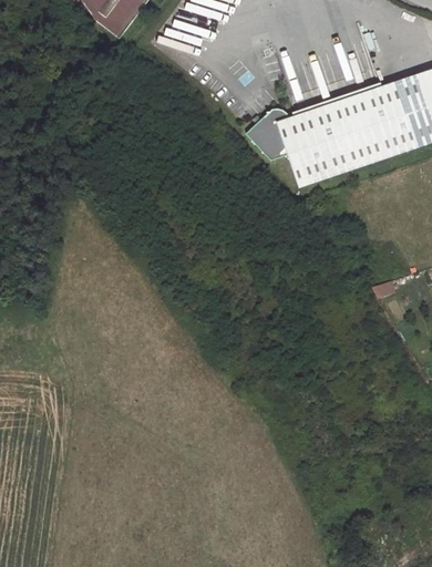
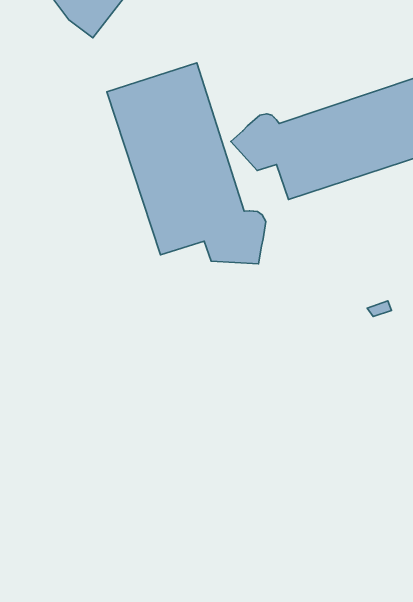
building: none -> [107,63,266,264]

